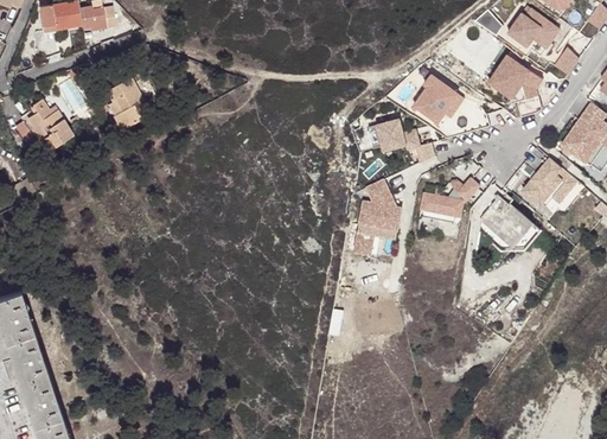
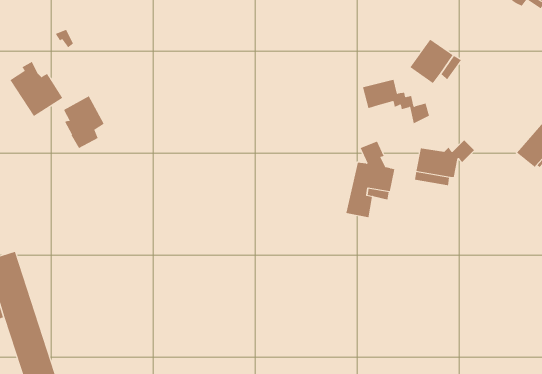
building: [487,56,542,116] -> none
building: [104,76,146,129] -> [63,95,105,149]
building: [472,191,539,253] -> none

